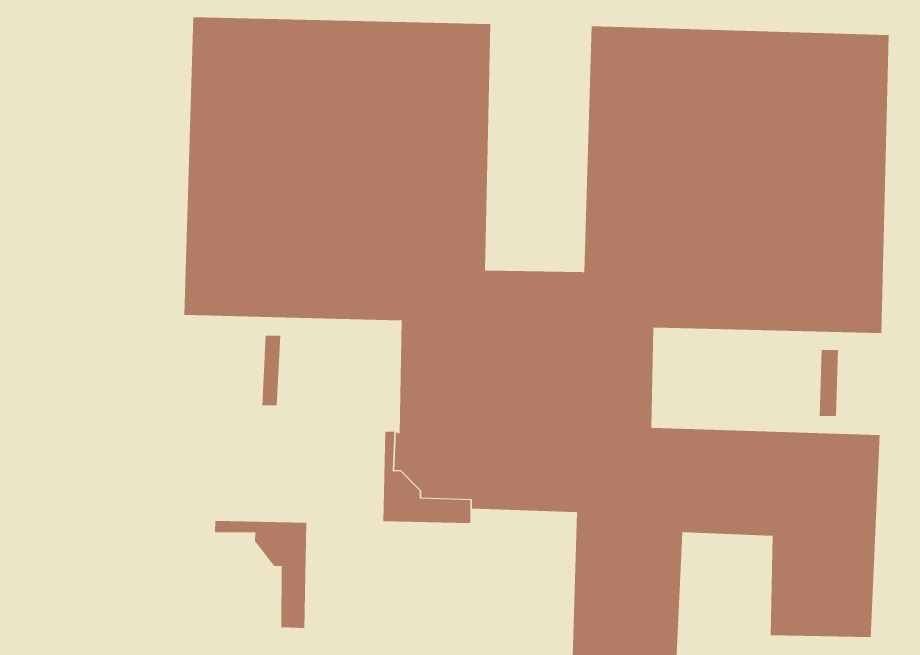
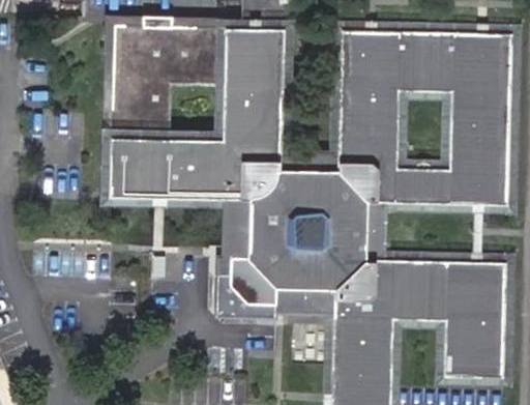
building: [214,520,307,629] -> none

